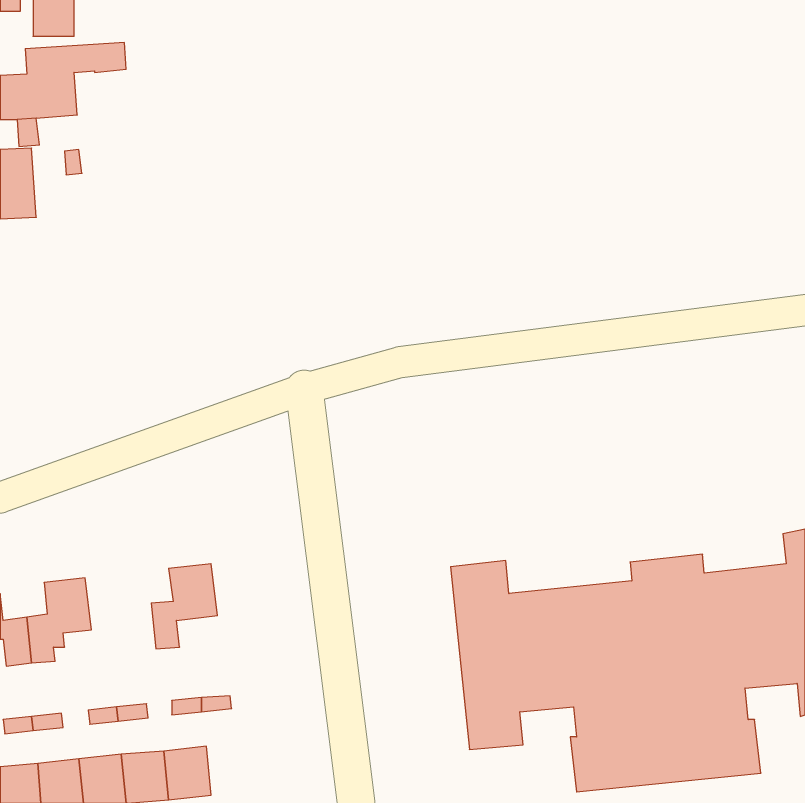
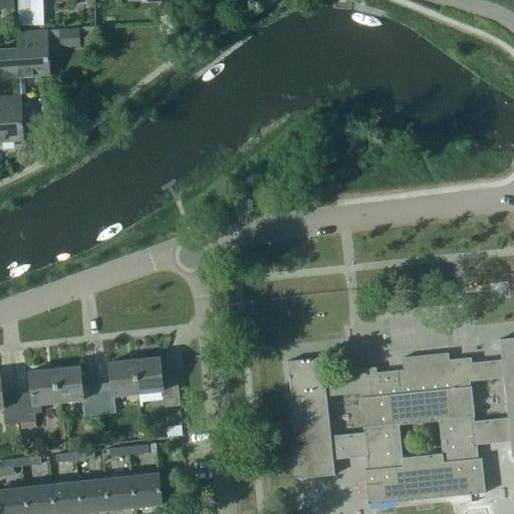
building: none -> [135,356,180,407]
building: none -> [54,365,99,416]
building: none -> [132,473,162,507]

